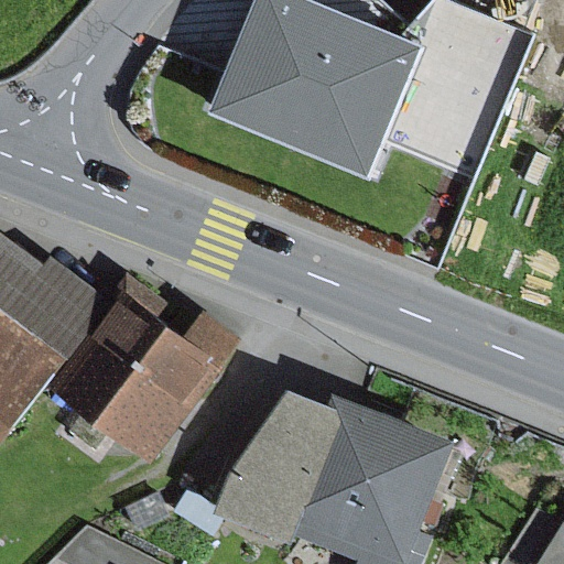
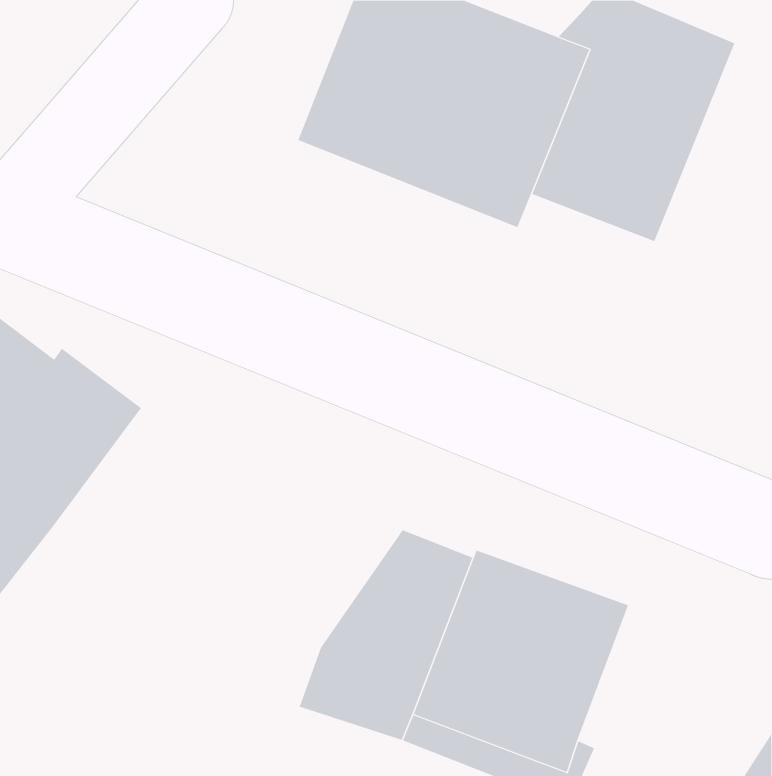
building: [39,288,240,465] -> none

